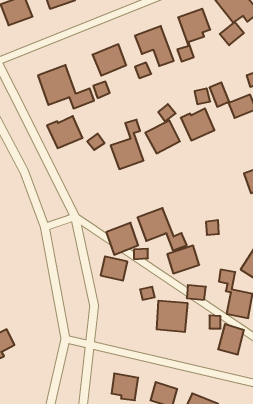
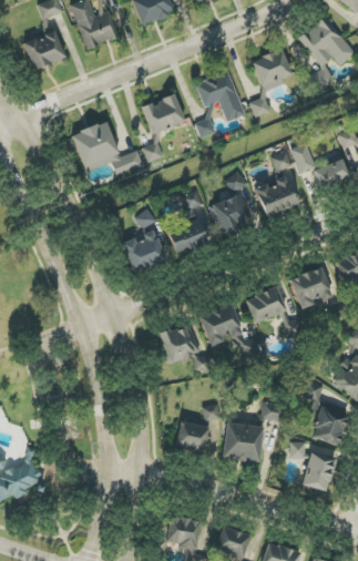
building: [47,116,83,148] -> [121,231,166,272]
building: none -> [289,266,333,309]
building: [167,246,199,273] -> [245,287,286,323]
building: [101,256,127,281] -> [174,421,208,452]

